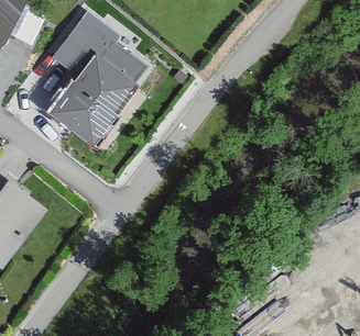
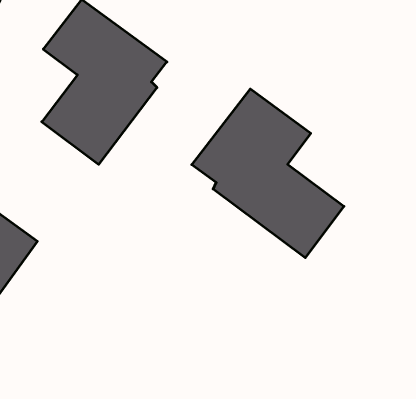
building: none -> [192,89,344,258]

